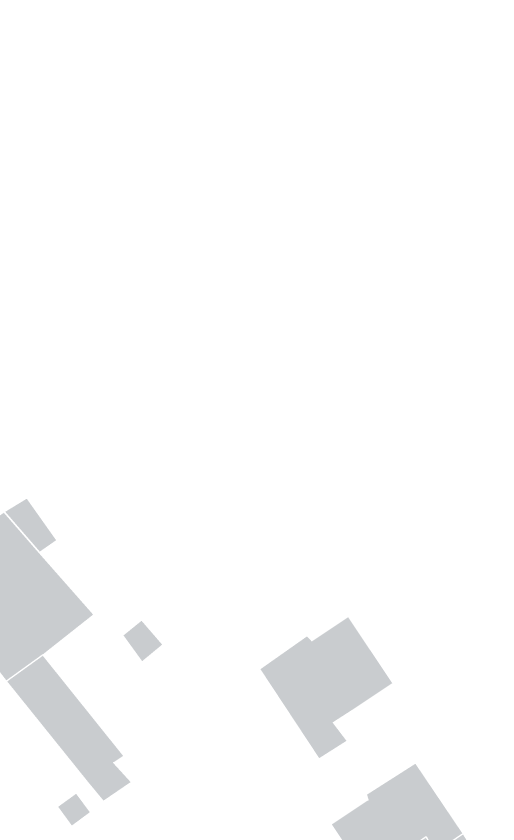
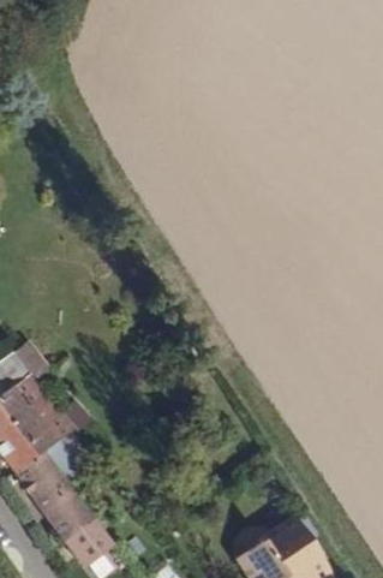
building: [259,616,393,759] -> none

